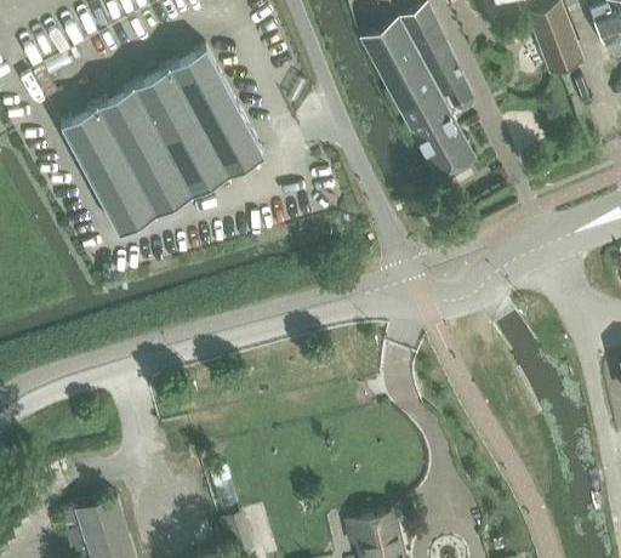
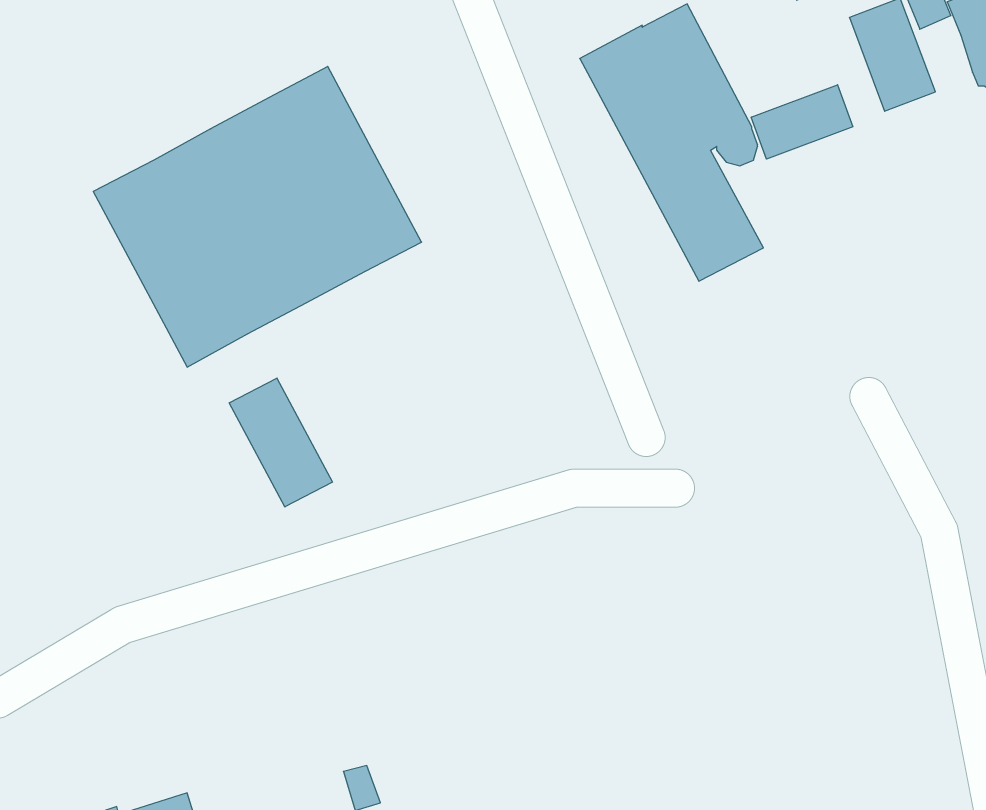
building: none -> [751,85,853,159]
building: none -> [229,378,332,507]

